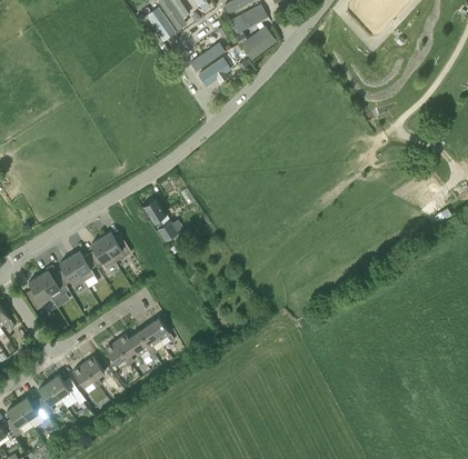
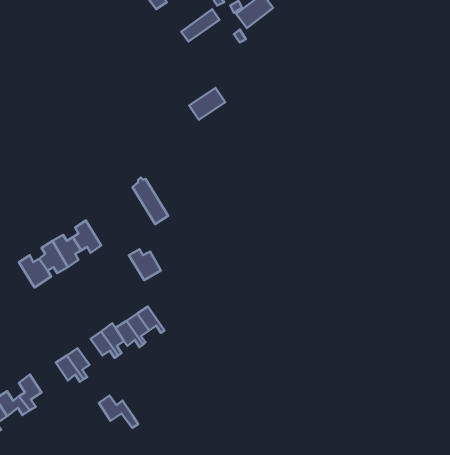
building: [199,59,232,89] -> [189,88,225,120]
building: [101,231,131,260] -> [129,249,161,280]
building: [27,276,53,309] -> none
building: [49,373,86,403] -> [99,396,138,428]

